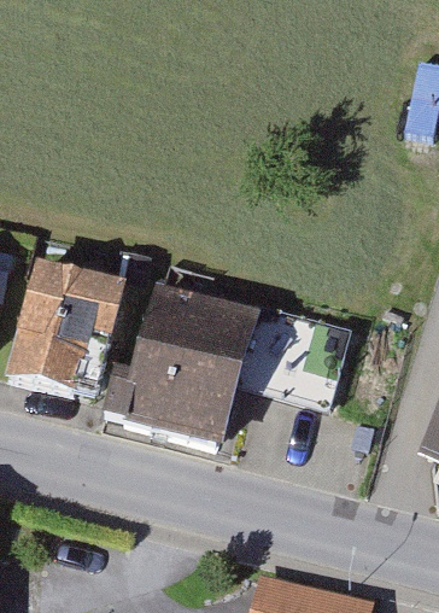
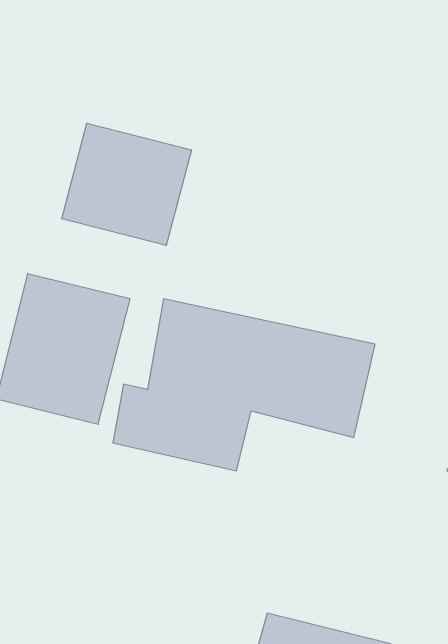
building: none -> [62,123,191,246]

